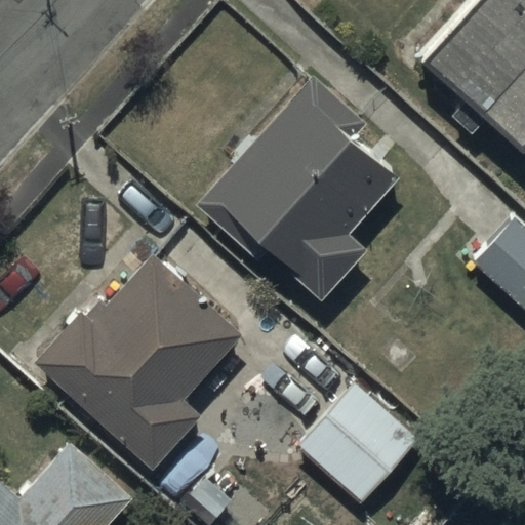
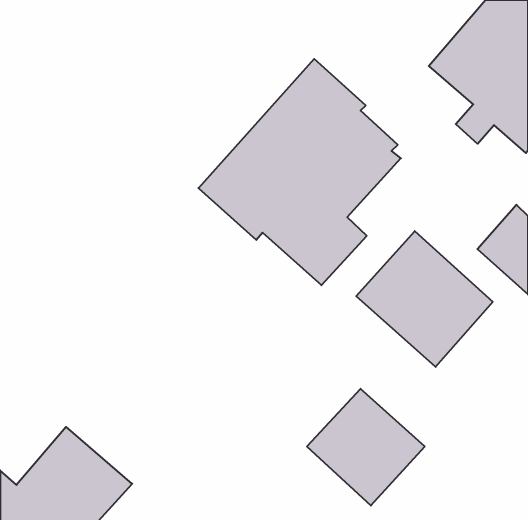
building: none -> [356,231,493,367]
building: [43,261,242,474] -> none

